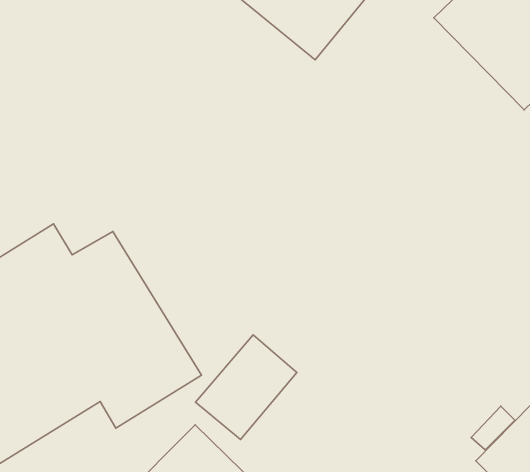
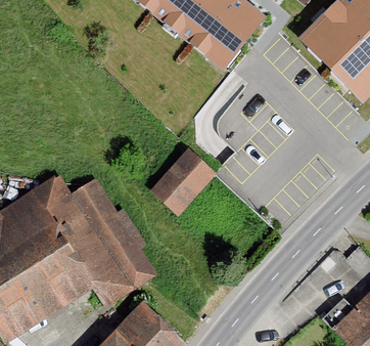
building: [195,335,297,439] -> [142,150,209,219]

